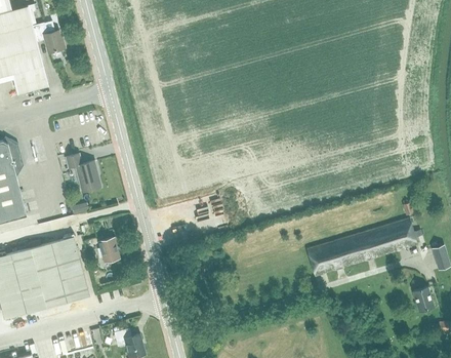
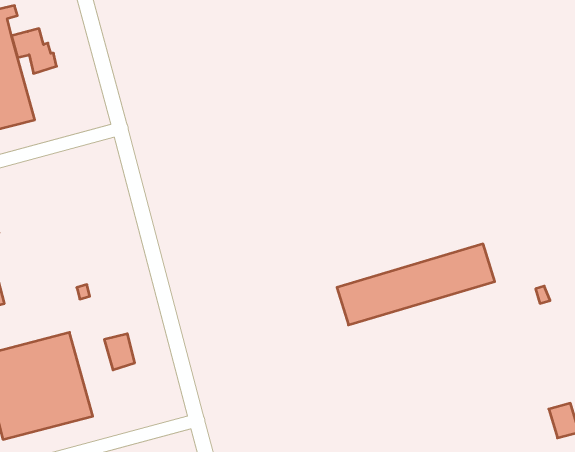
building: [65,154,98,193] -> none
building: [305,218,417,276] -> [337,244,495,325]

